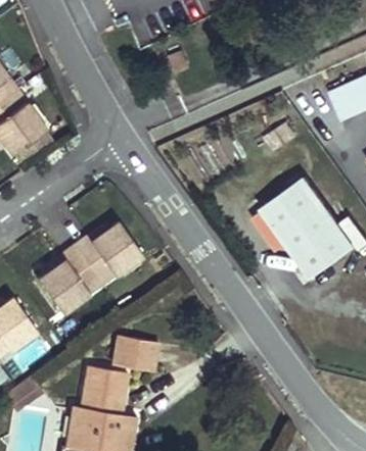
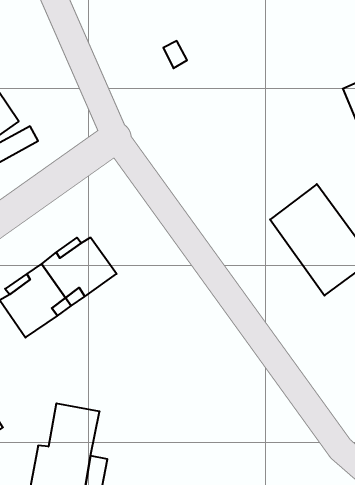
building: [96,346,141,383] -> none

